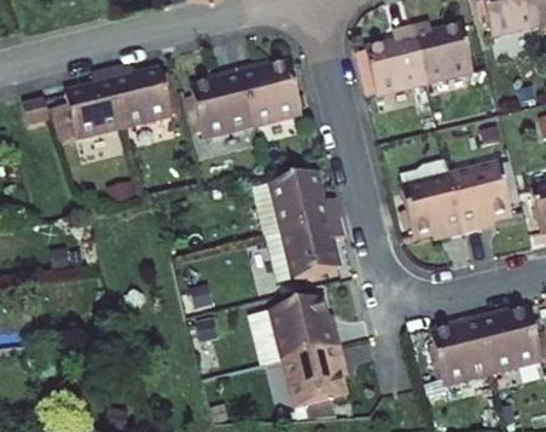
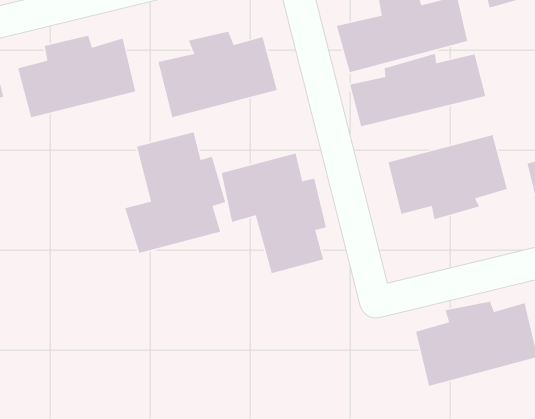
building: none -> [349,53,486,127]
building: none -> [124,132,226,254]
building: [269,296,347,408] -> none

